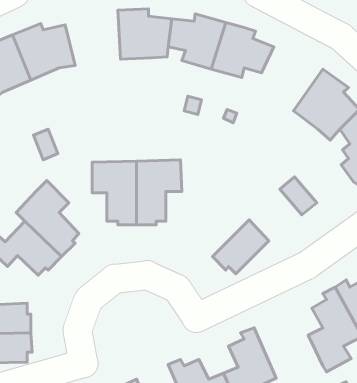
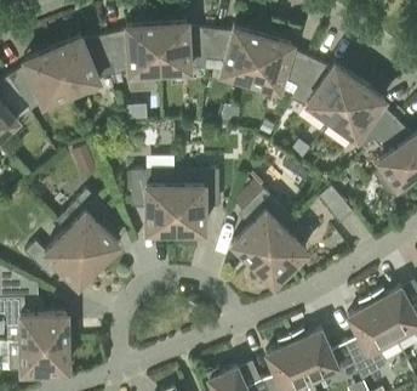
building: none -> [104,21,160,83]
building: none -> [291,57,359,120]
building: none -> [232,188,295,265]
building: none -> [291,329,359,385]

